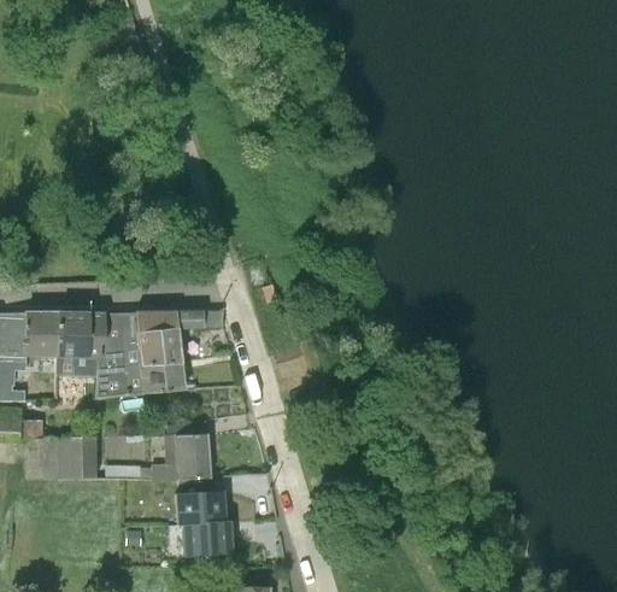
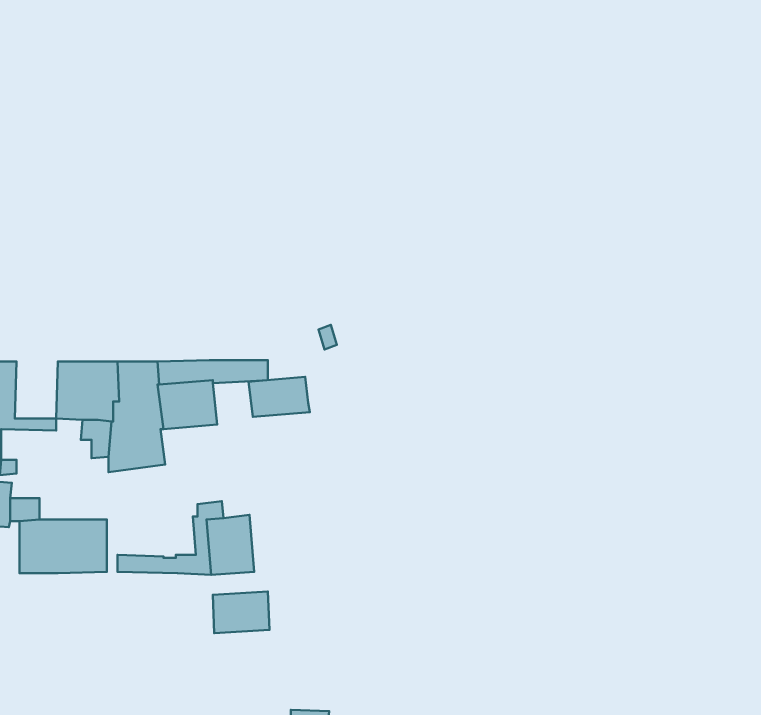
building: [23,312,57,357] -> none
building: [137,362,186,393] -> [248,377,310,417]
building: [180,523,231,553] -> none

